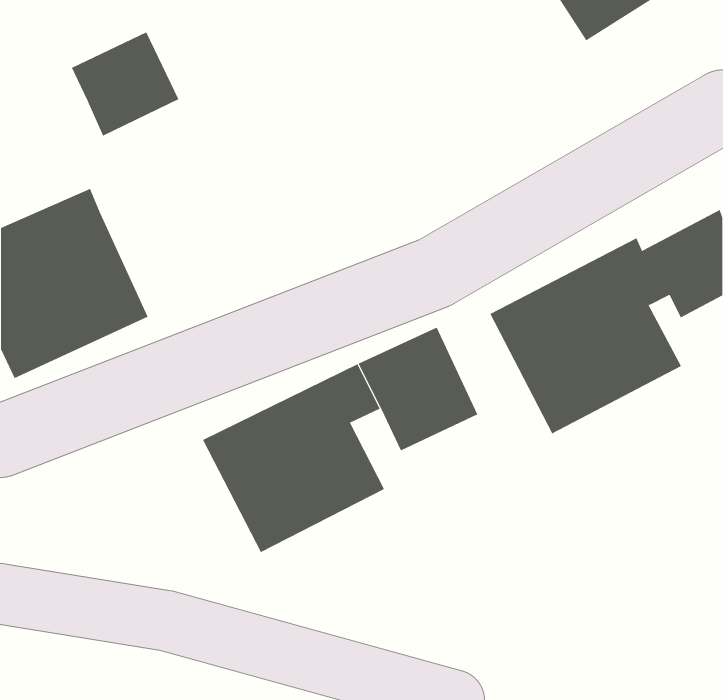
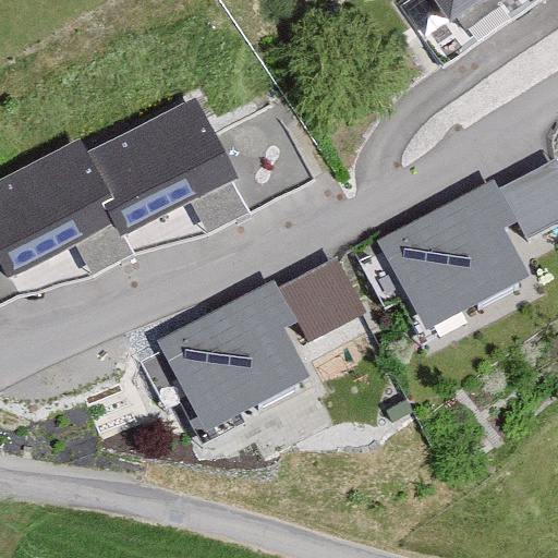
building: [71,32,179,136] -> none
building: none -> [77,105,245,256]

